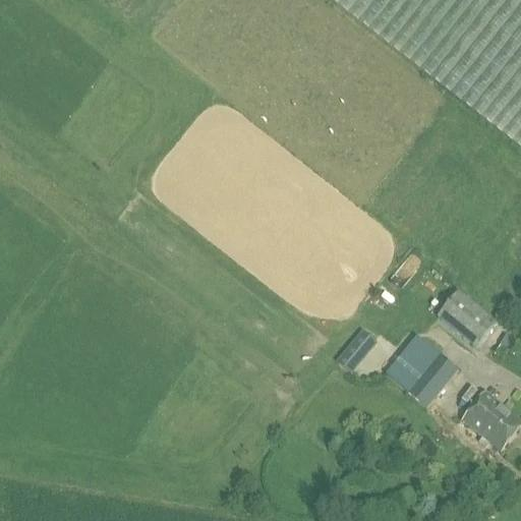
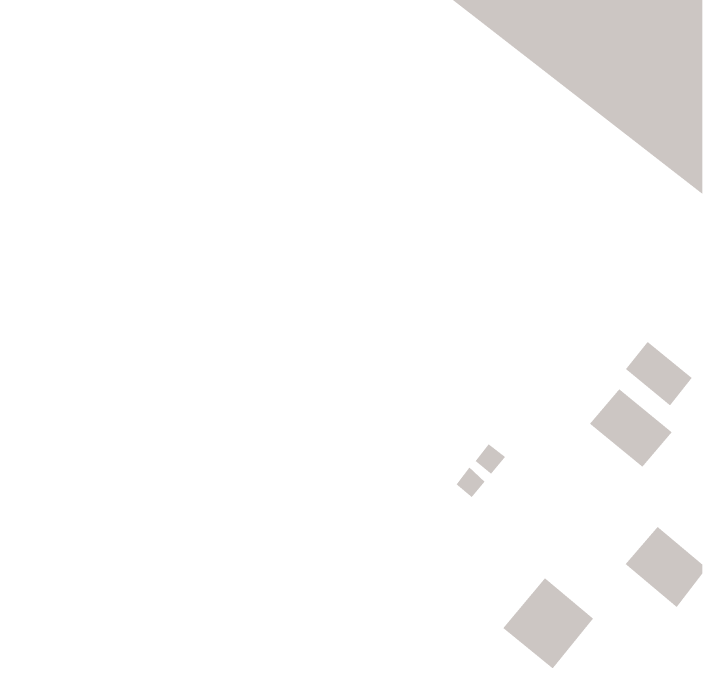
building: none -> [625,341,693,406]
building: [389,336,457,404] -> [502,577,594,669]

